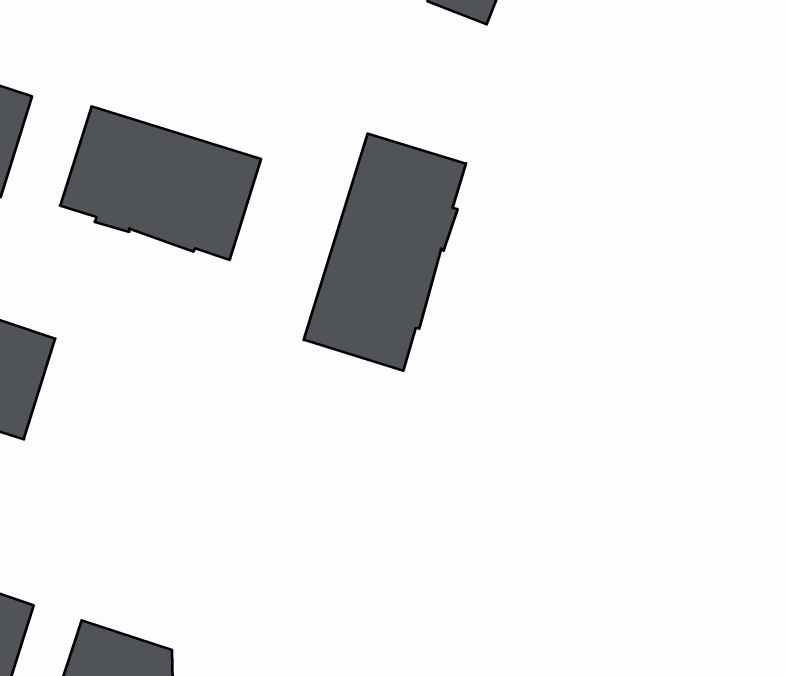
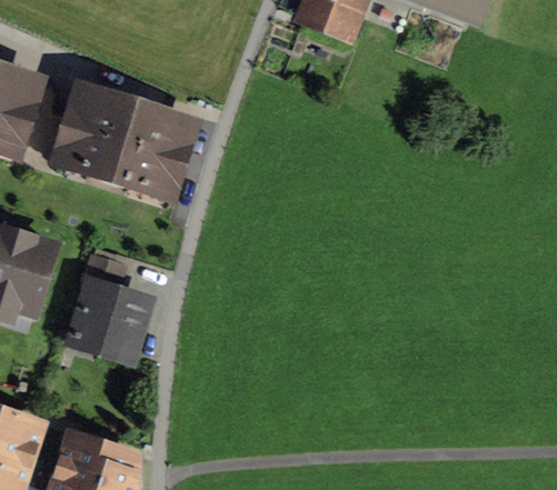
building: [304,134,466,371] -> none
building: none -> [74,256,148,353]

